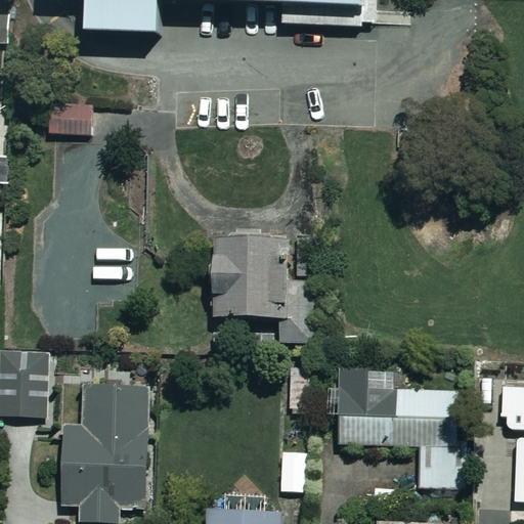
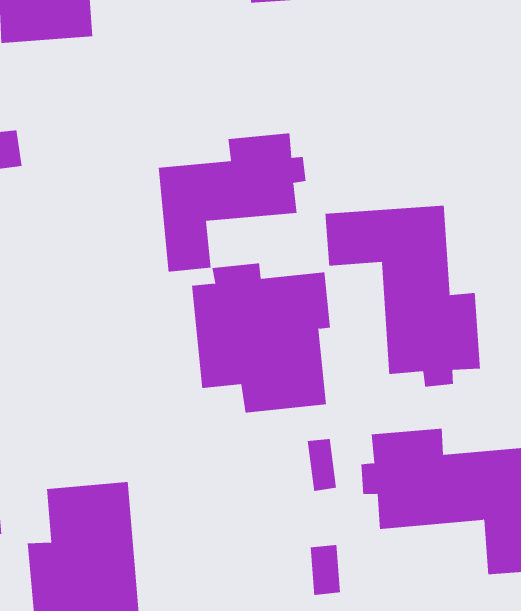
building: none -> [158,133,306,273]
building: none -> [325,205,481,387]

